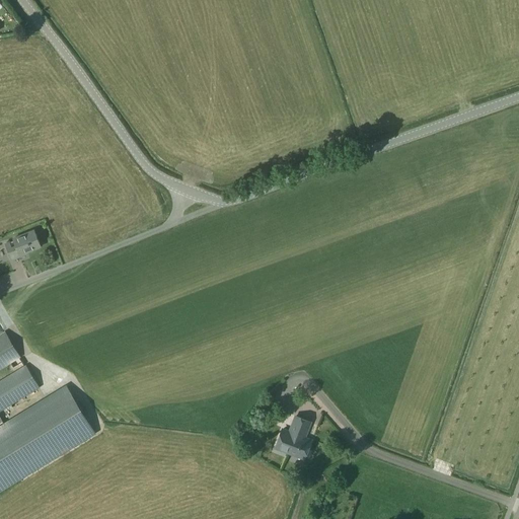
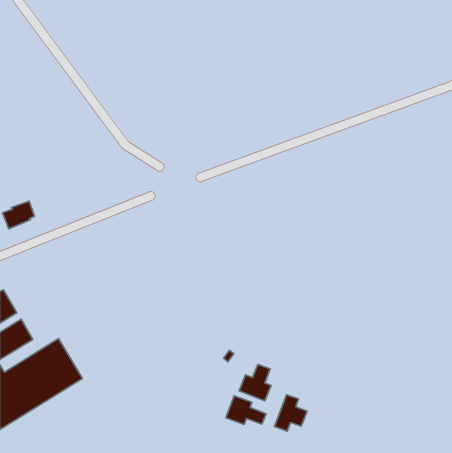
building: none -> [274,395,307,431]
building: none -> [226,396,266,425]

